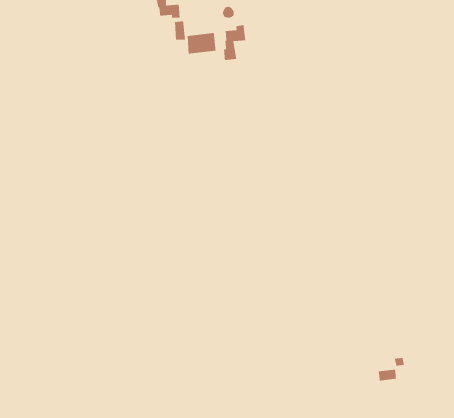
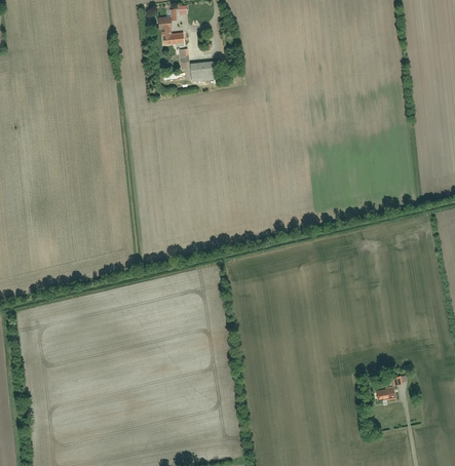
building: [223,24,246,61] -> none

